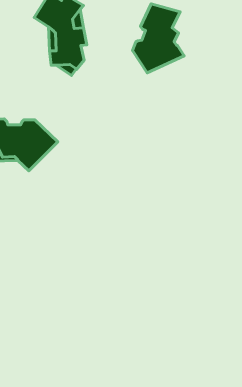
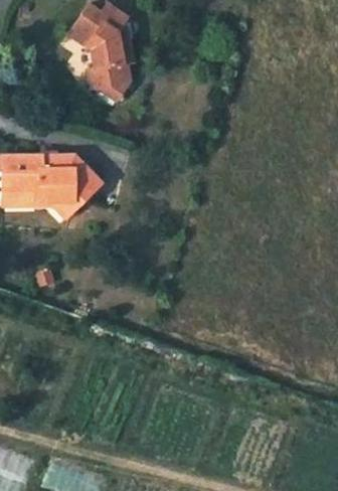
building: [132,4,184,73] -> none

